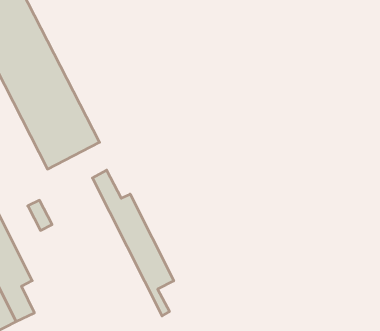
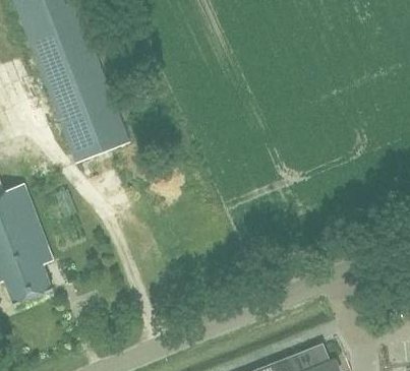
building: [92,170,174,316] -> none

